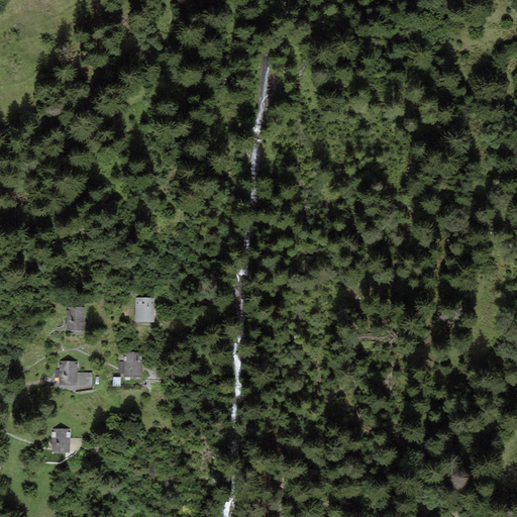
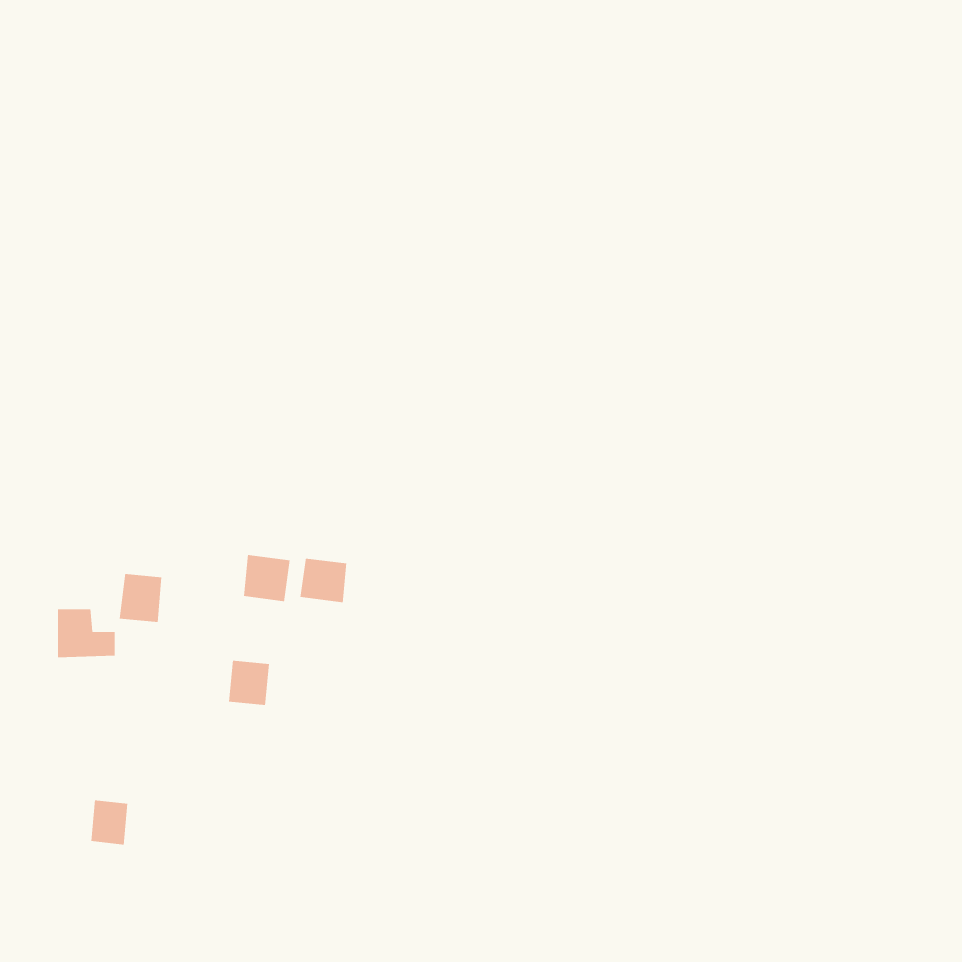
building: none -> [300,558,347,603]
building: [57,360,88,387] -> [57,609,116,658]

